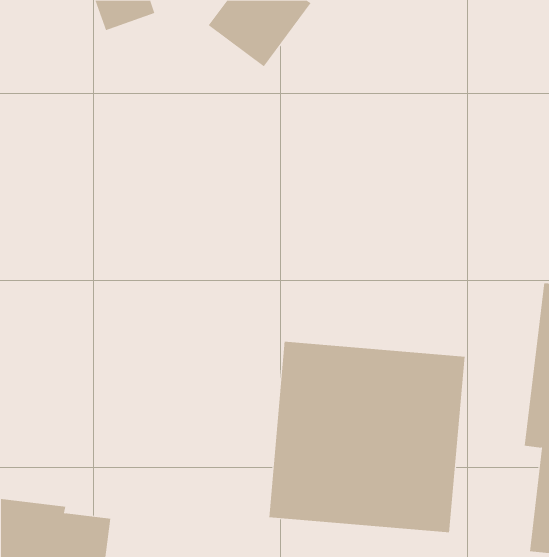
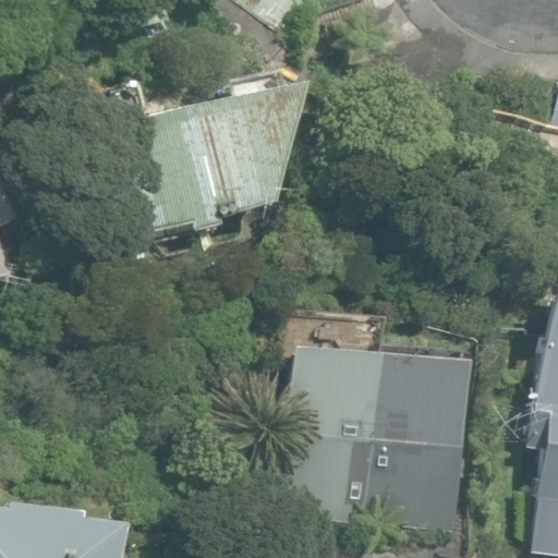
building: none -> [96,75,293,240]

